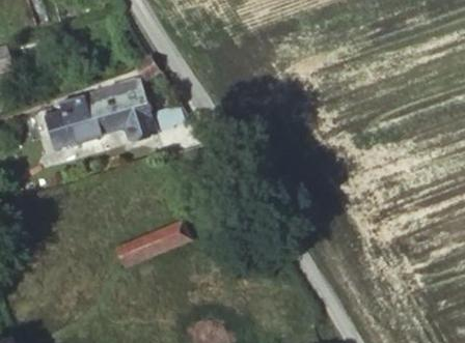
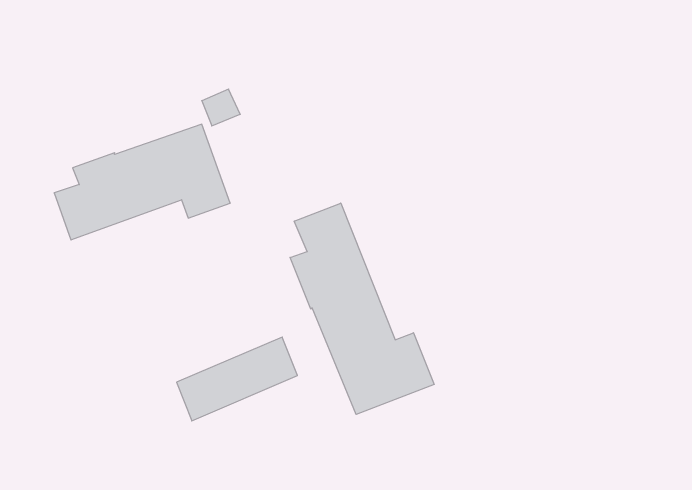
building: none -> [290,203,434,414]

